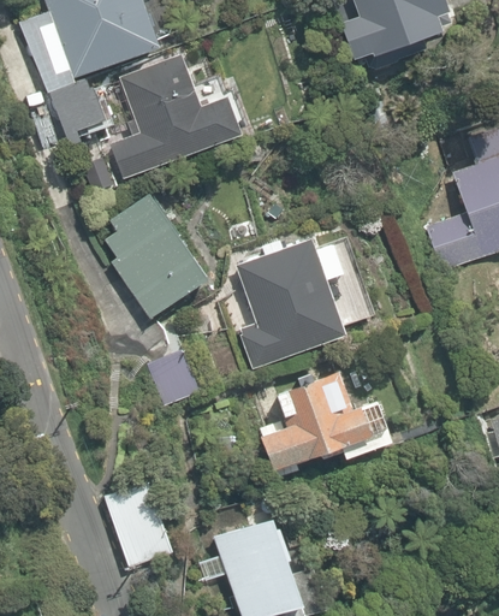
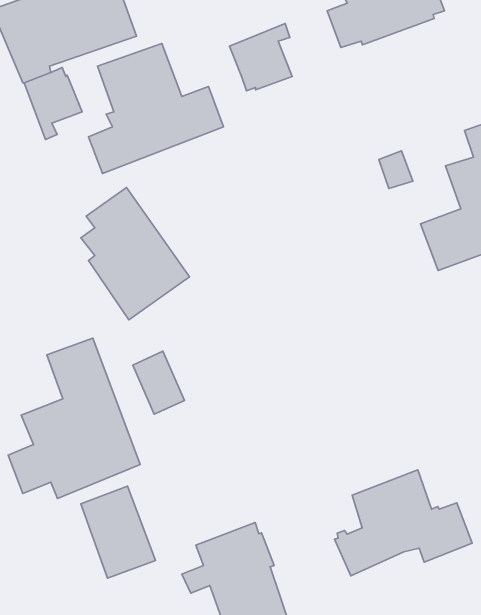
building: none -> [229,24,292,91]
building: [236,237,346,369] -> none
building: none -> [8,338,140,498]
building: [260,368,391,469] -> [335,470,472,576]

